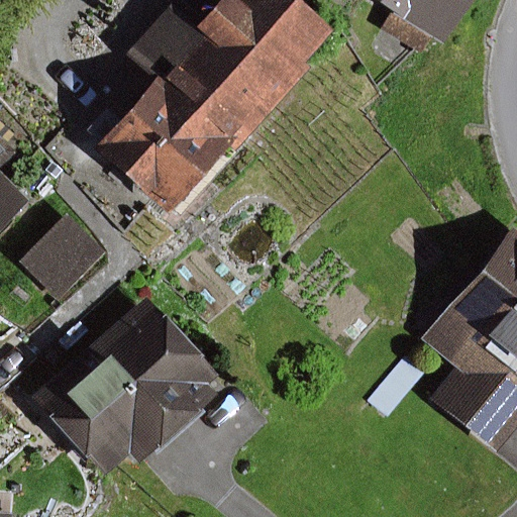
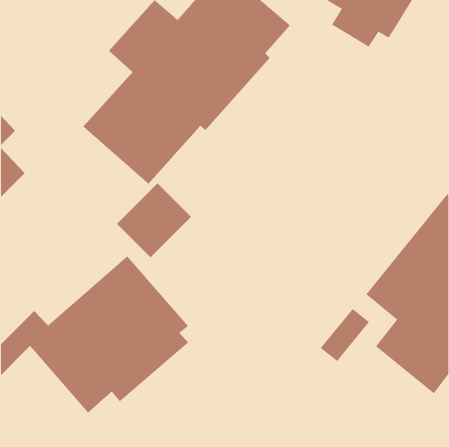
building: [19,213,106,300] -> [116,183,192,258]

